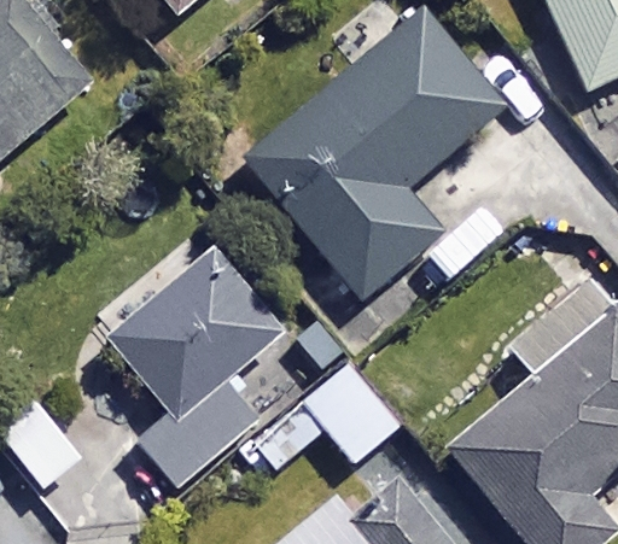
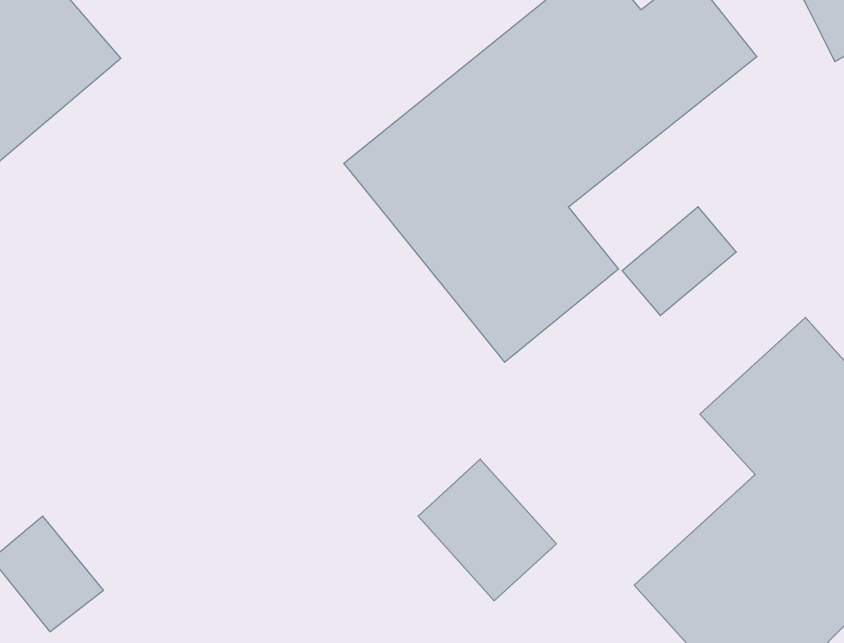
building: [109,248,285,462] -> none

